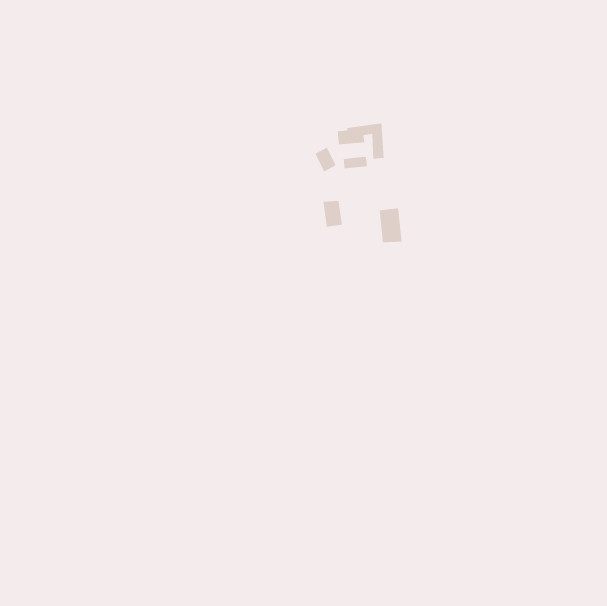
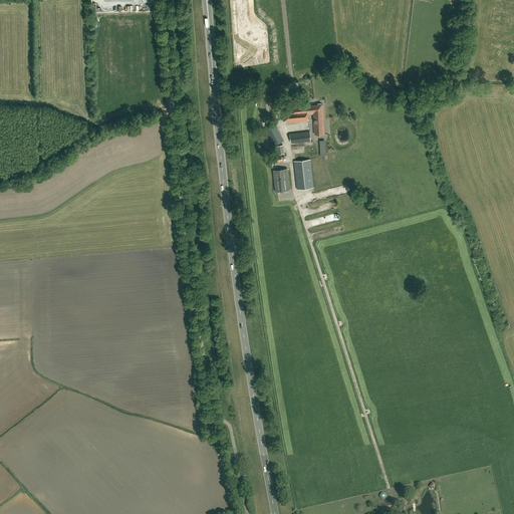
building: [379,208,403,243] -> [294,161,314,191]

